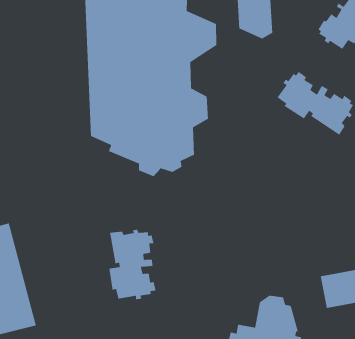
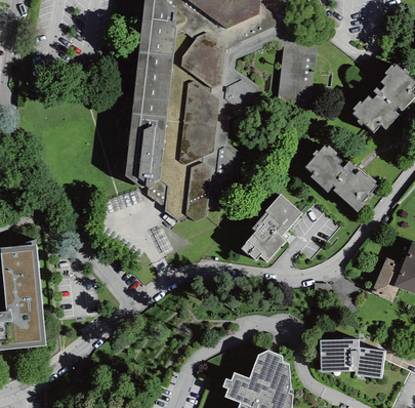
building: none -> [241,194,301,260]
building: [108,229,157,300] -> none

